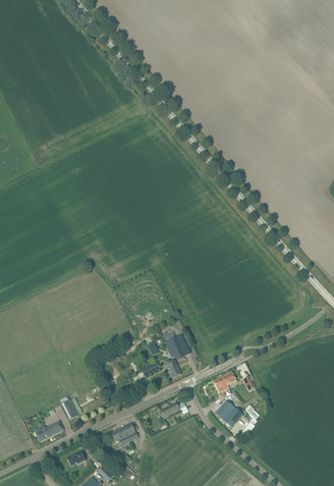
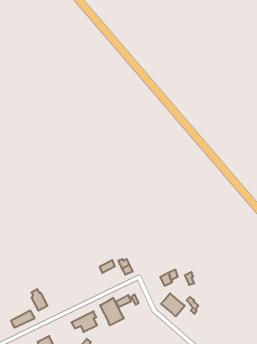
building: [164,333,190,359] -> none
building: none -> [100,298,124,325]

